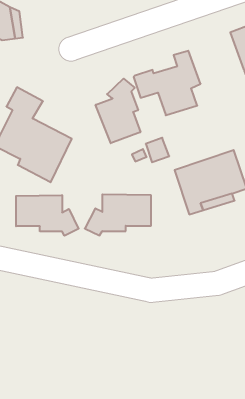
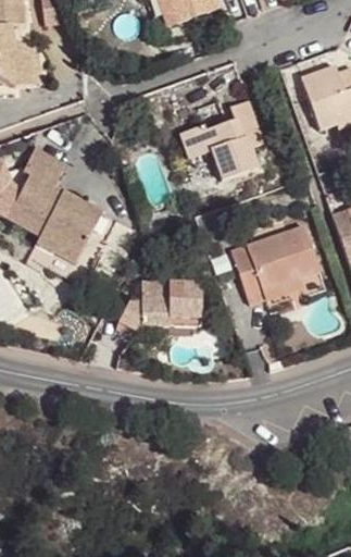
building: [96,79,140,143] -> none
building: [16,195,79,236] -> none

